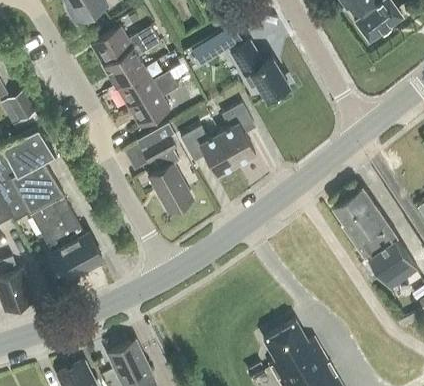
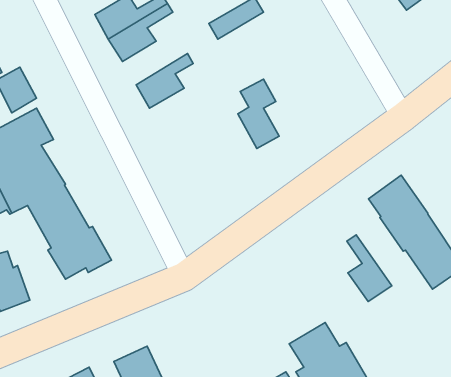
building: [230,40,290,98] -> none
building: [115,67,173,106] -> none
building: [136,122,191,212] -> none
building: [179,124,235,174] -> none
building: none -> [347,235,392,302]

